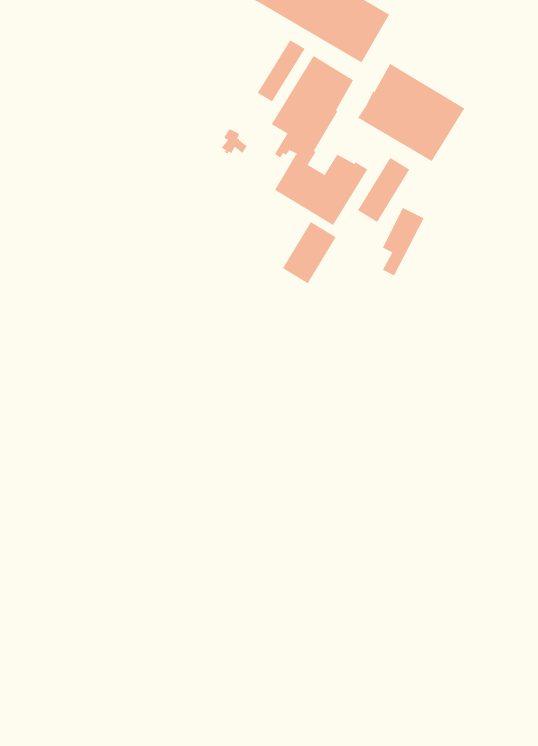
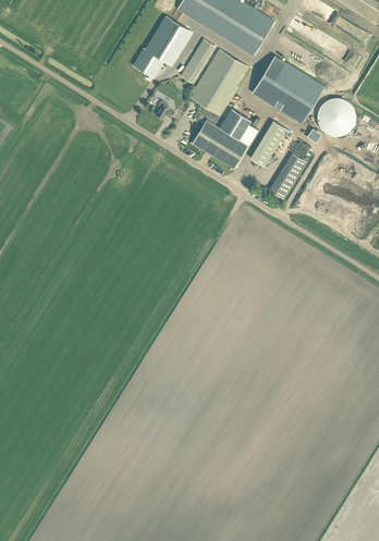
building: none -> [135,16,190,78]
building: none -> [318,98,356,136]
building: [282,221,337,284] -> none

